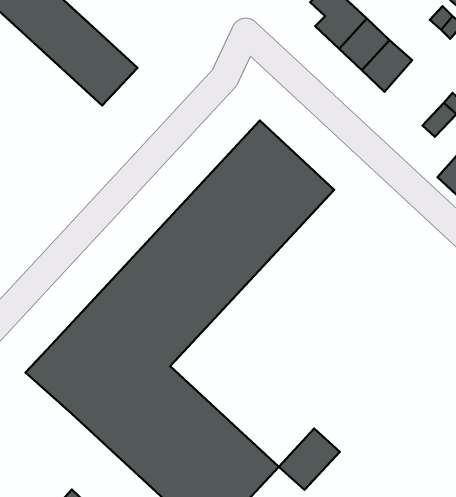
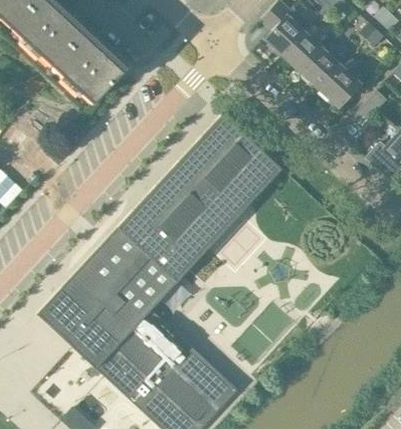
building: none -> [322,65,362,106]
building: [279,429,340,490] -> none

